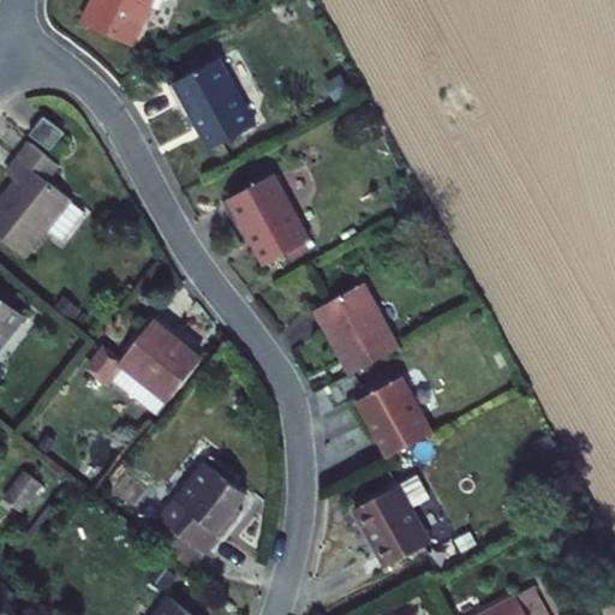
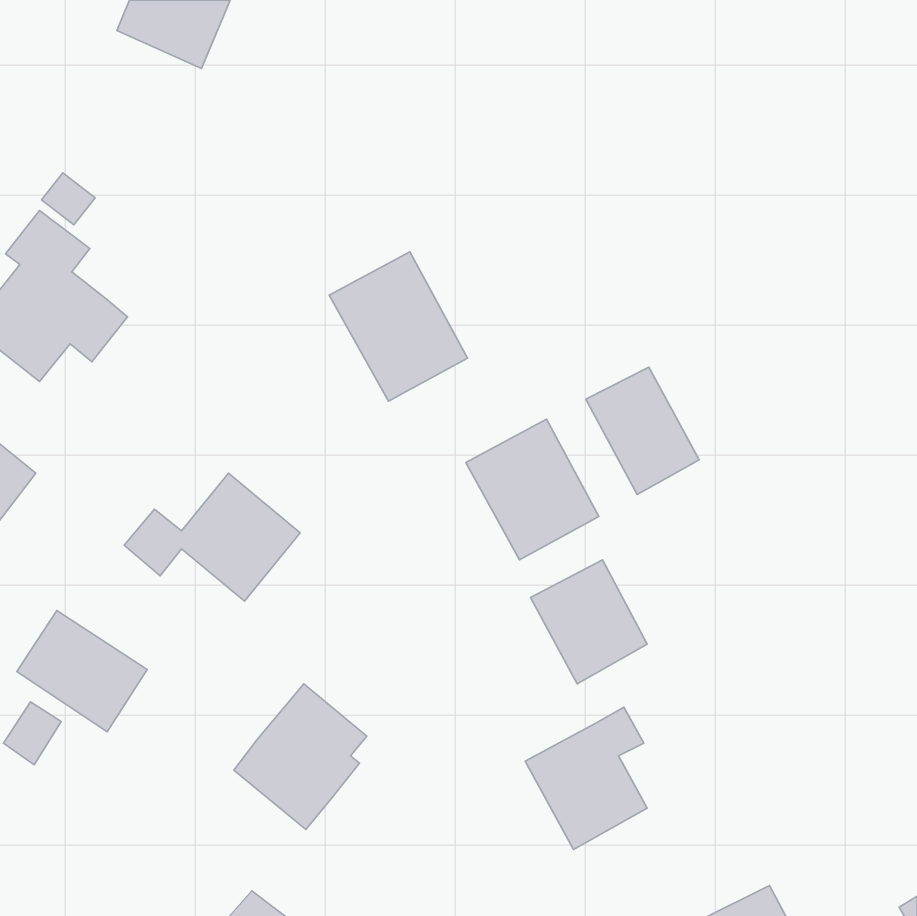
building: [172,59,256,151] -> none
building: none -> [586,367,699,495]
building: none -> [17,611,147,732]

